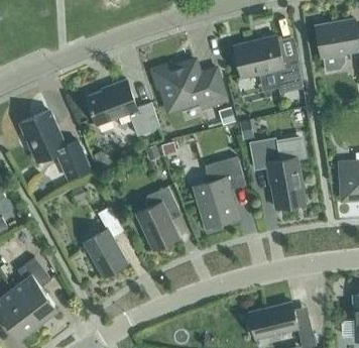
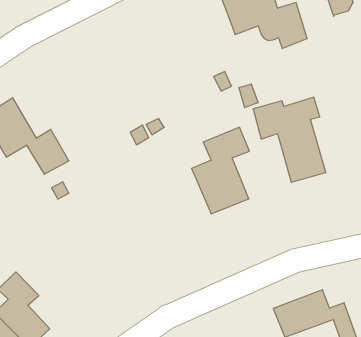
building: [153,60,227,110] -> none
building: [86,80,159,135] -> none
building: [137,186,178,249] -> none
building: [84,206,127,276] -> none

